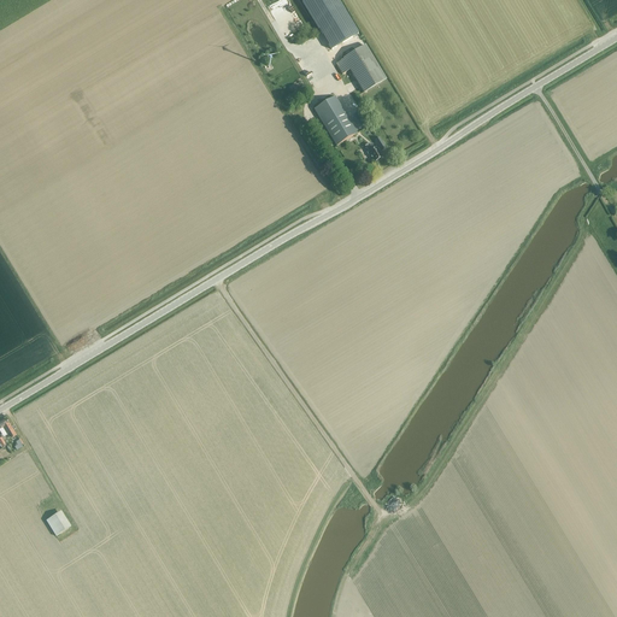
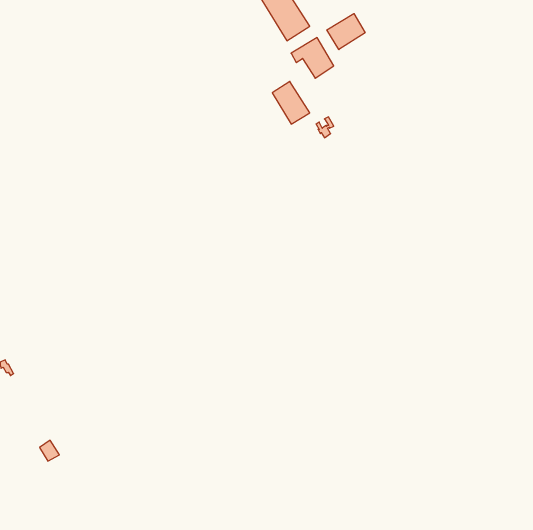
building: none -> [327,14,365,50]

